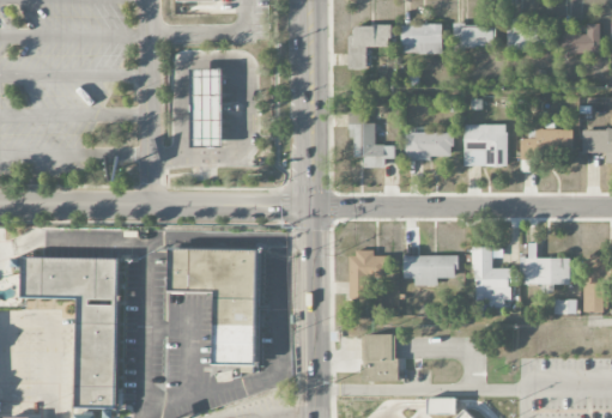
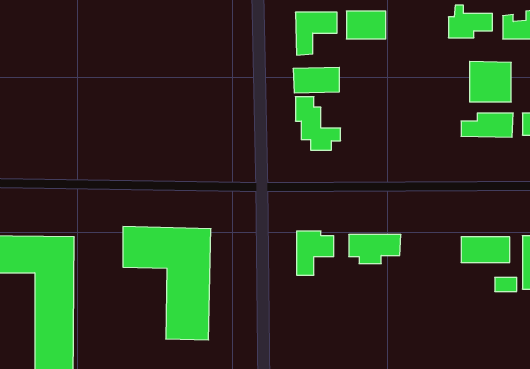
building: [454,25,497,47] -> none
building: [193,66,224,145] -> none
building: [465,123,508,165] -> [470,61,511,102]
building: [405,132,453,158] -> [293,67,339,93]
building: [473,247,511,299] -> none
building: [363,332,399,380] -> none

